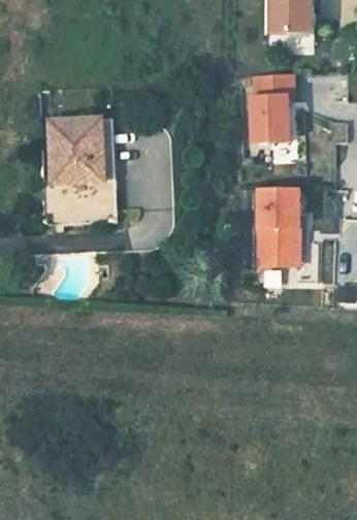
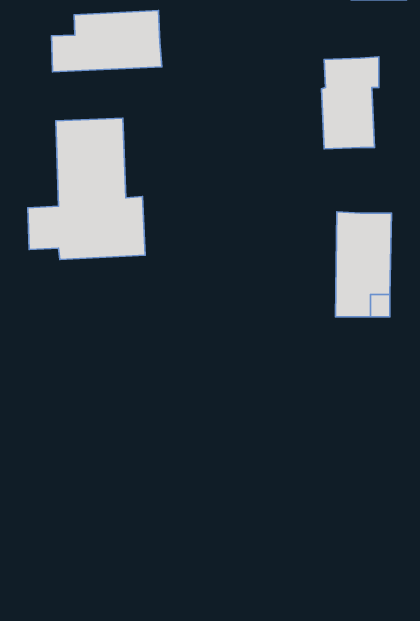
building: none -> [51,10,162,72]

